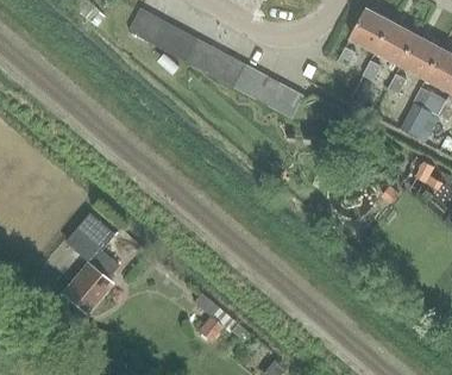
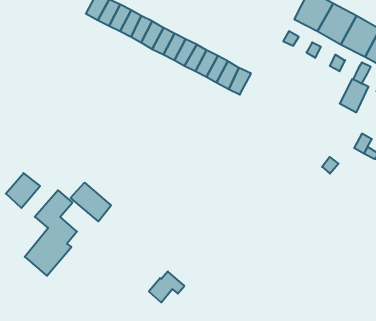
building: none -> [6,173,40,208]
building: none -> [71,183,111,221]

